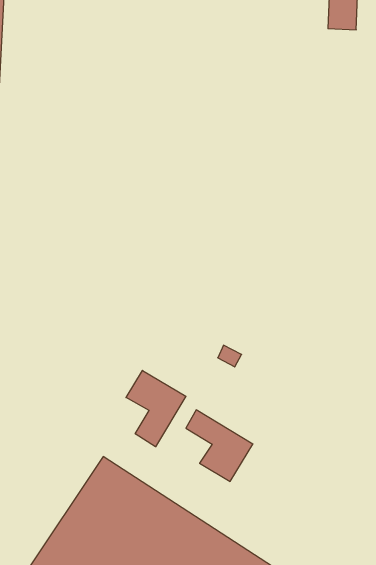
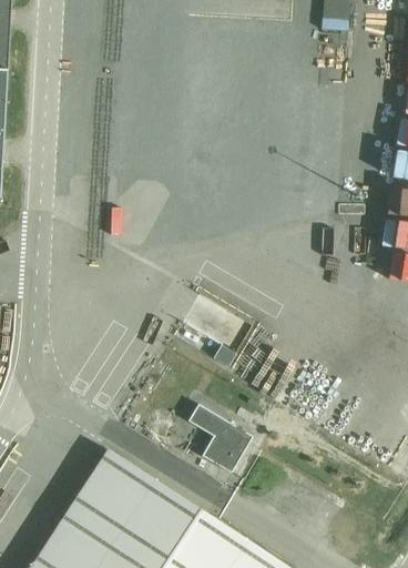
building: [126,370,186,447] -> none

